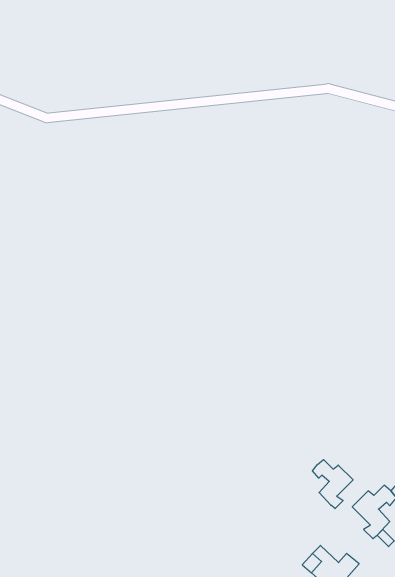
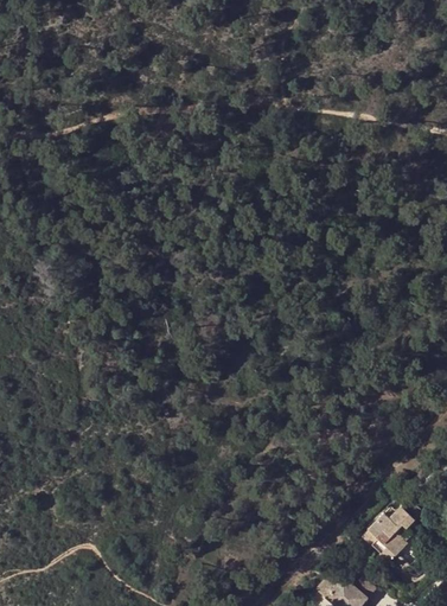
building: [312,460,353,509] -> none

